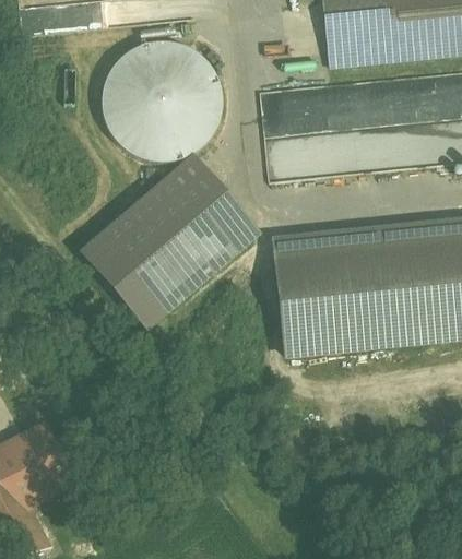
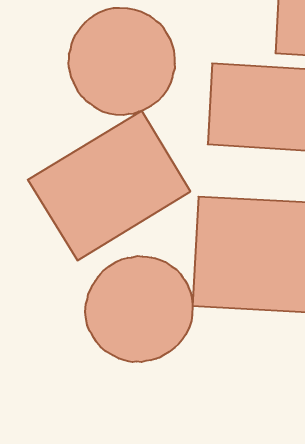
building: none -> [85,256,193,362]

